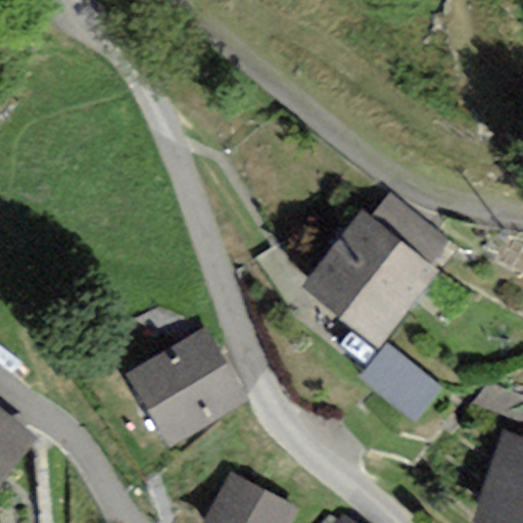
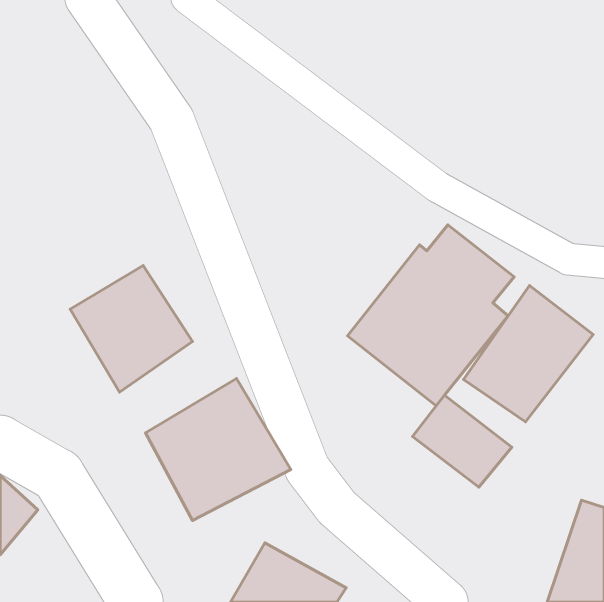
building: none -> [70,265,192,392]
building: none -> [463,285,593,422]

